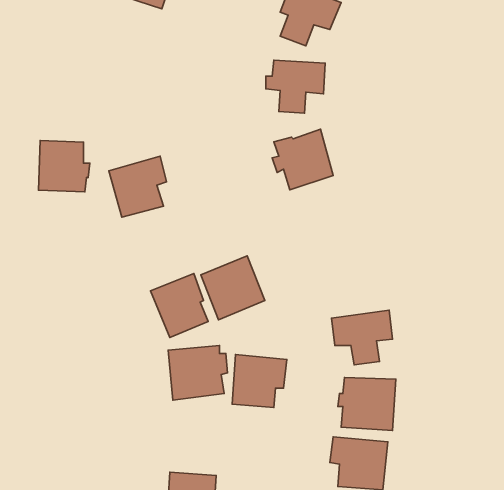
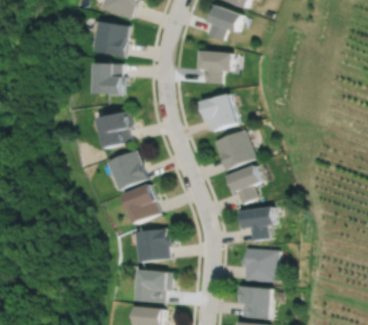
building: none -> [91,19,129,55]
building: [39,141,90,192] -> [94,61,126,94]
building: none -> [214,129,255,170]
building: none -> [228,164,261,203]
building: [201,256,265,320] -> [108,150,148,190]
building: [232,355,287,407] -> [138,270,172,303]

